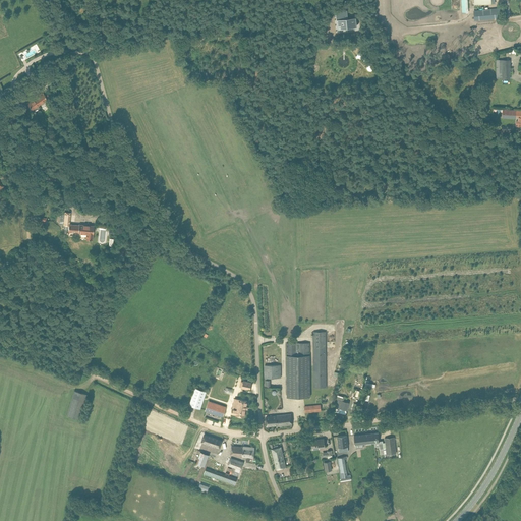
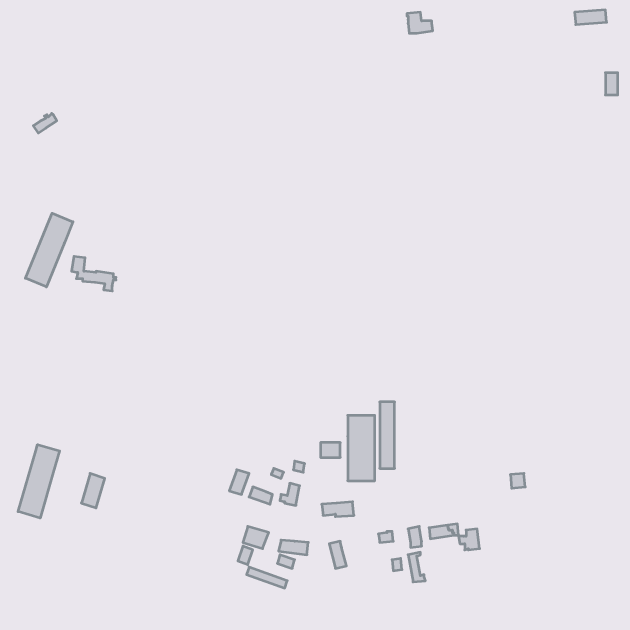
building: none -> [25,213,73,287]
building: none -> [18,445,60,518]

